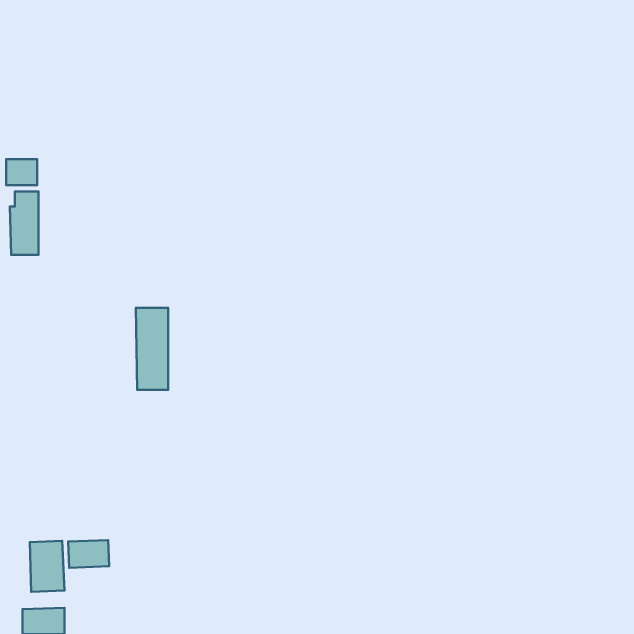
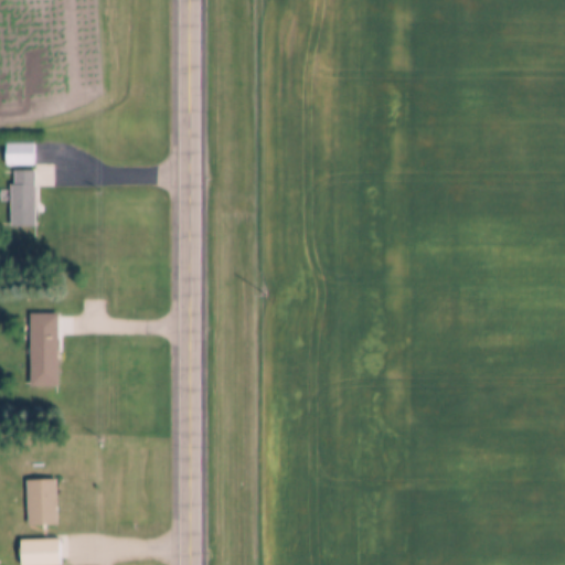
building: [136,308,168,390] -> [29,313,57,386]
building: [68,540,109,568] -> none

